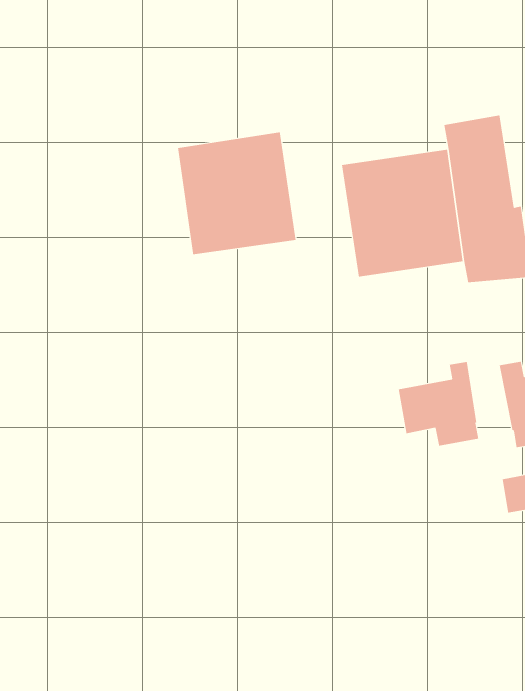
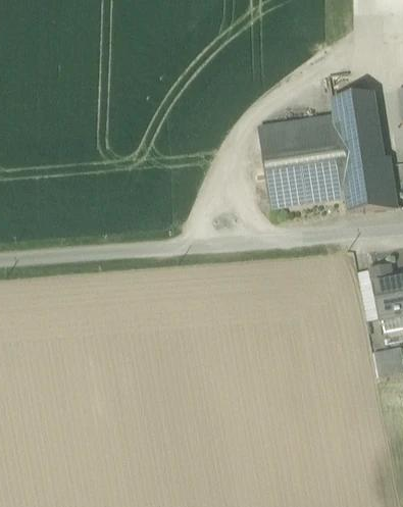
building: [177,132,296,255] -> none
building: [398,361,479,447] -> none

